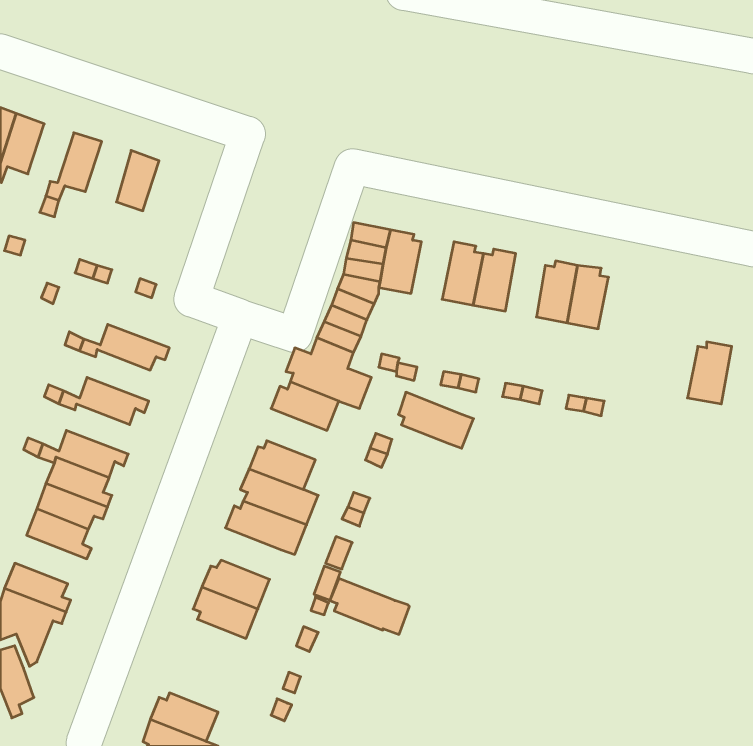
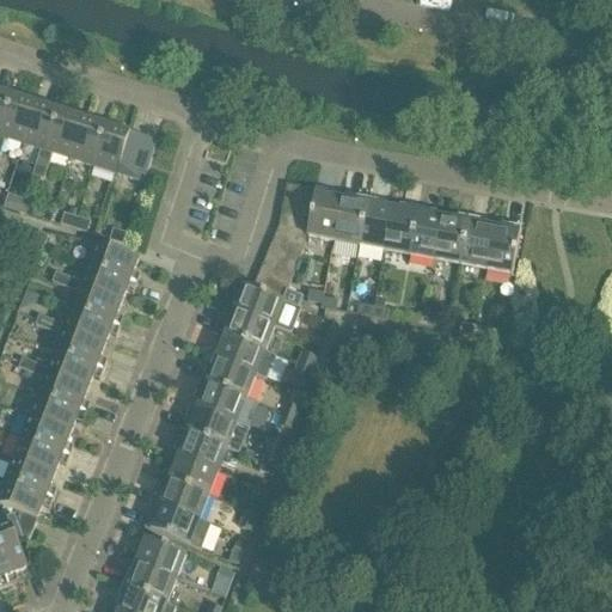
building: none -> [23,100,60,148]
building: none -> [69,115,106,164]
building: none -> [116,130,157,179]
building: none -> [333,192,368,243]
building: none -> [410,206,442,257]
building: none -> [87,240,141,282]
building: [687,342,732,404] -> [485,221,521,271]
building: none -> [71,283,124,325]
building: [398,392,474,448] -> [214,331,275,377]
building: none -> [54,328,108,368]
building: none -> [12,434,71,473]
building: [330,578,409,634] -> [176,428,240,473]
building: none -> [145,502,212,547]
building: none -> [134,534,186,577]

